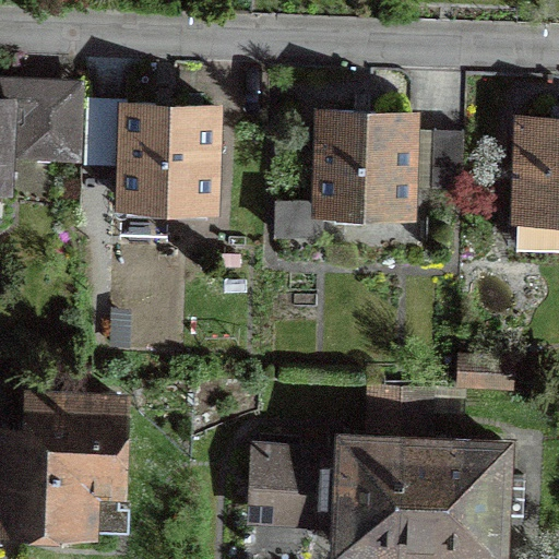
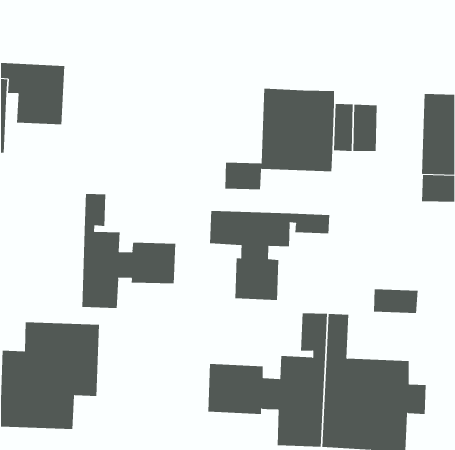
building: [86,107,214,210] -> none
building: none -> [82,193,176,309]
building: none -> [209,210,330,301]

